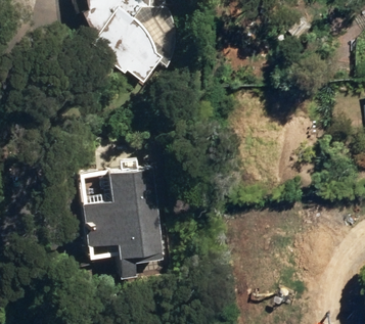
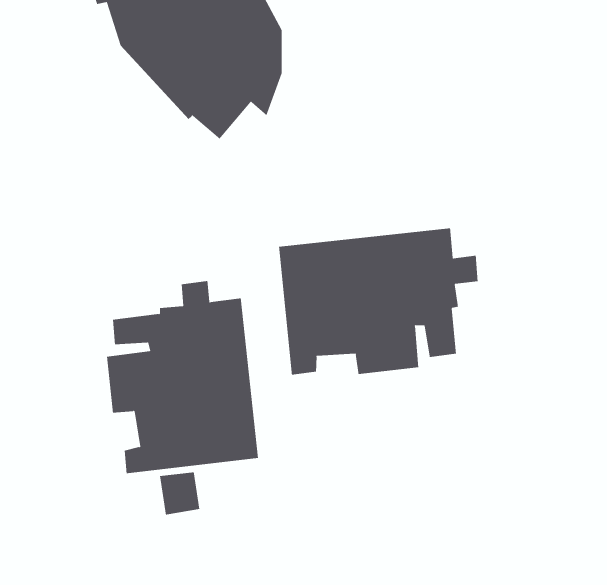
building: none -> [278,227,478,375]

